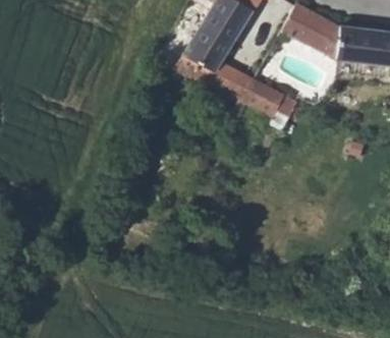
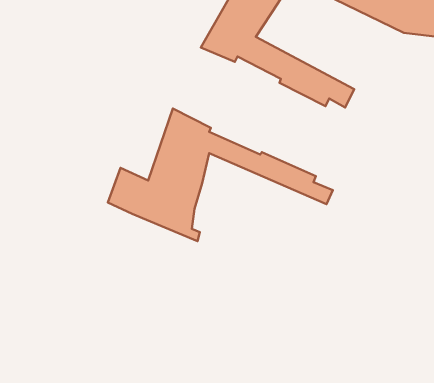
building: none -> [108,108,333,241]

